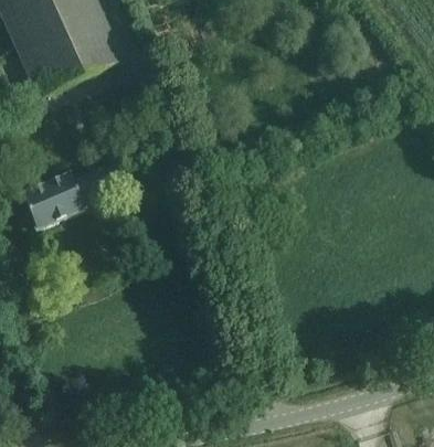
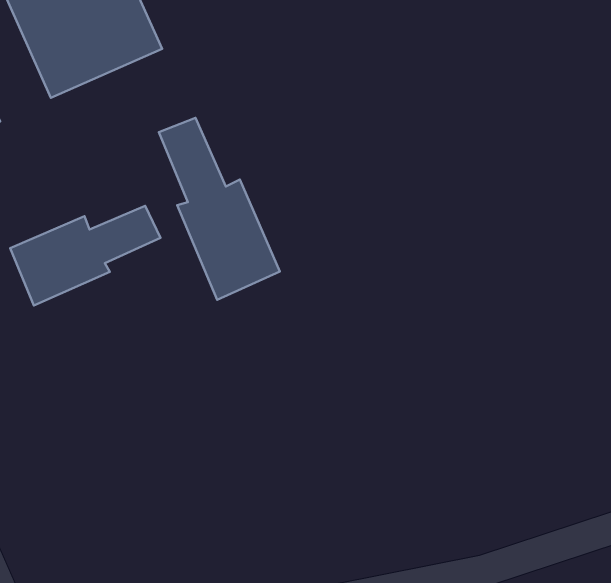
building: none -> [159,118,280,300]

